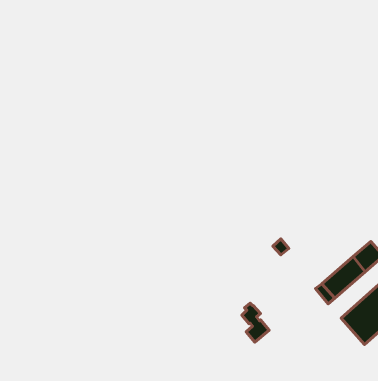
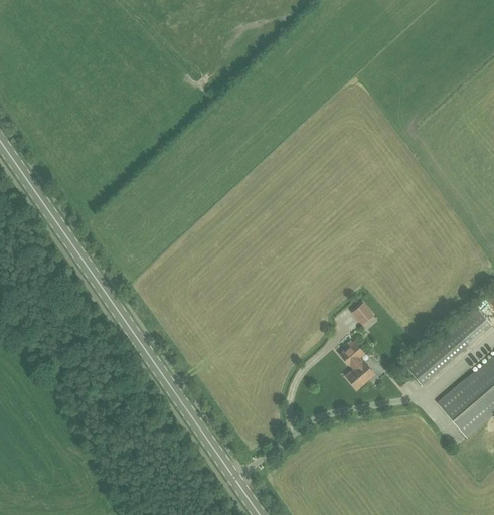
building: [242,303,269,342] -> [340,338,374,387]

